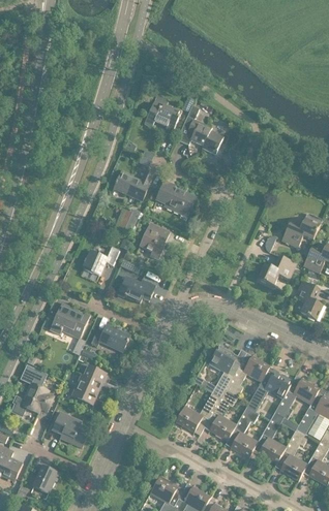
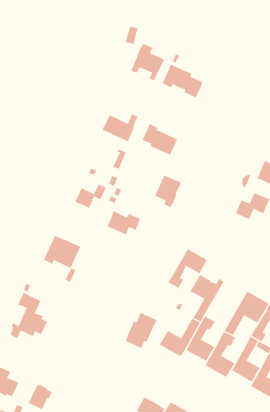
building: [140,223,170,259] -> [154,175,182,208]
building: [90,324,129,352] -> none
building: [225,353,268,396] -> [168,248,207,288]
building: [71,364,107,404] -> [125,312,157,348]
building: [51,411,90,448] -> none

